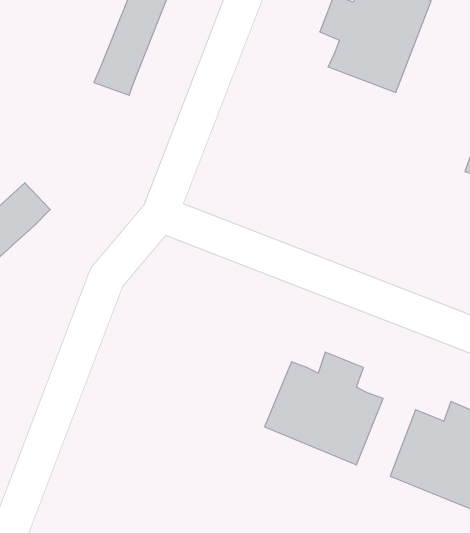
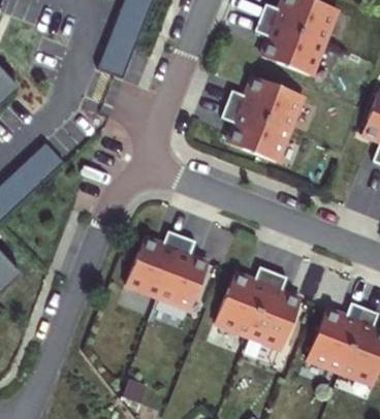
building: none -> [226,76,308,162]
building: none -> [128,230,214,309]

